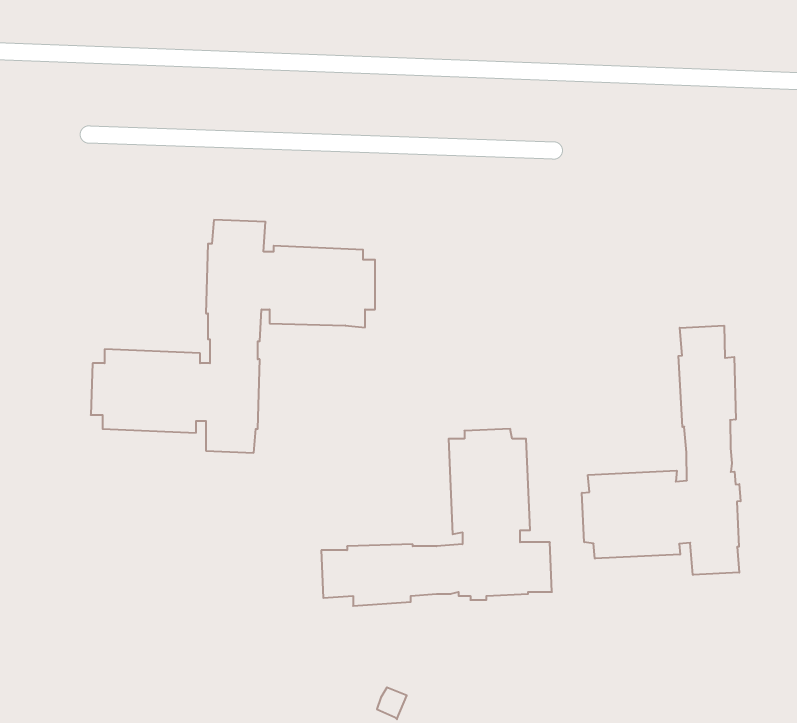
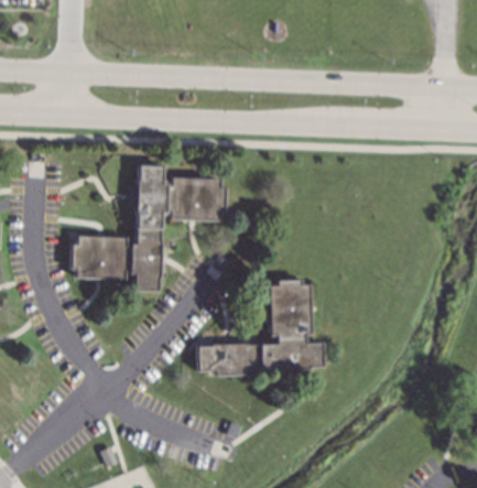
building: [582,326,741,575] -> none

